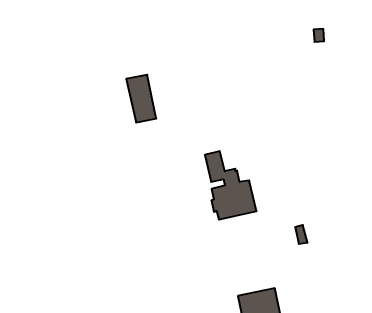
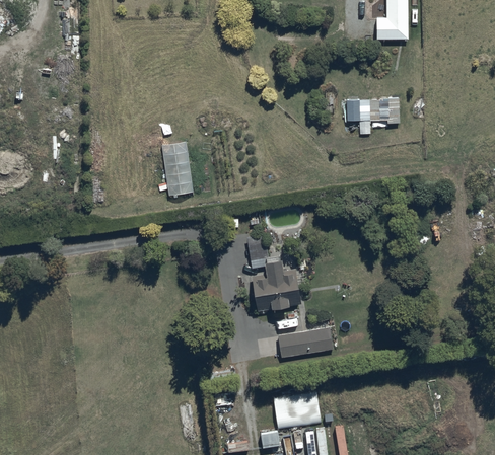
building: none -> [344,99,371,121]
building: none -> [278,326,334,358]

